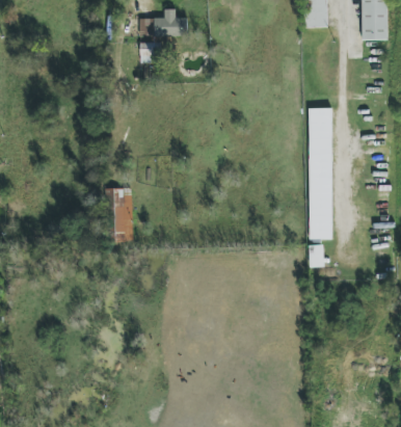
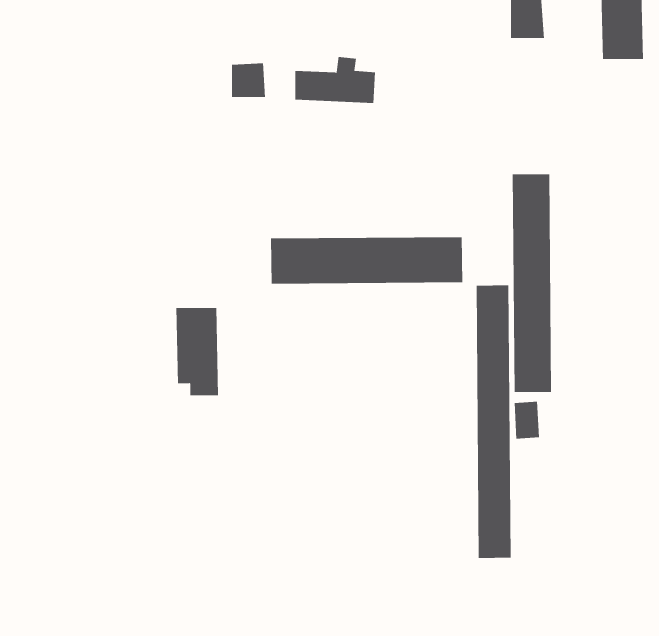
building: [139,8,188,36] -> [294,57,376,103]
building: none -> [270,236,463,285]
building: none -> [476,284,511,559]

